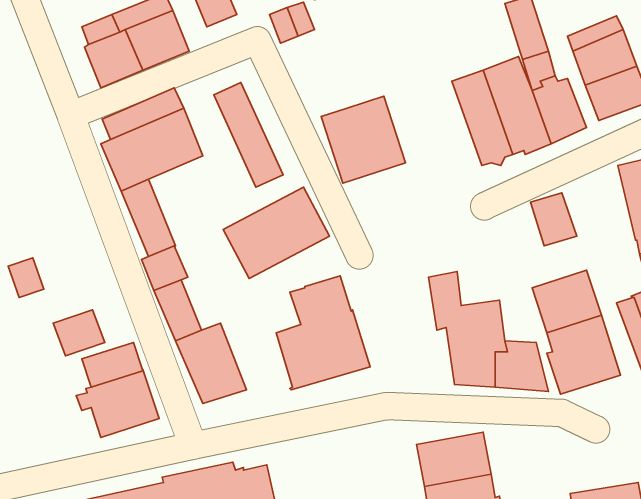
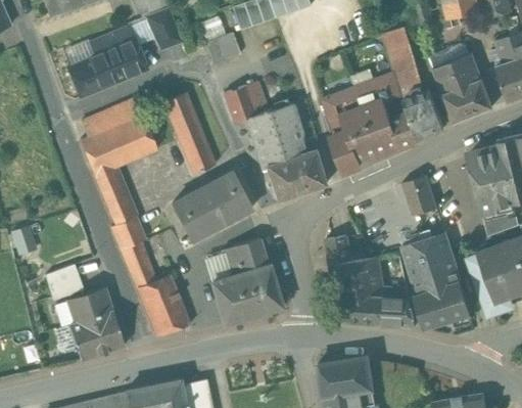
building: none -> [224,82,265,123]
building: none -> [324,92,366,172]
building: none -> [268,150,327,198]

